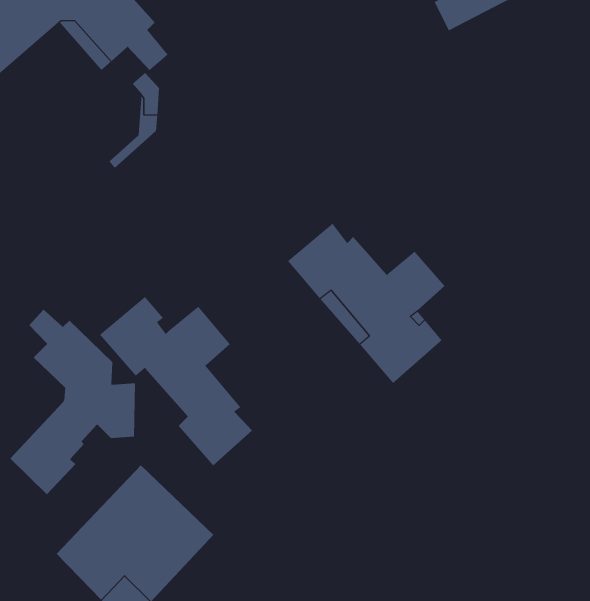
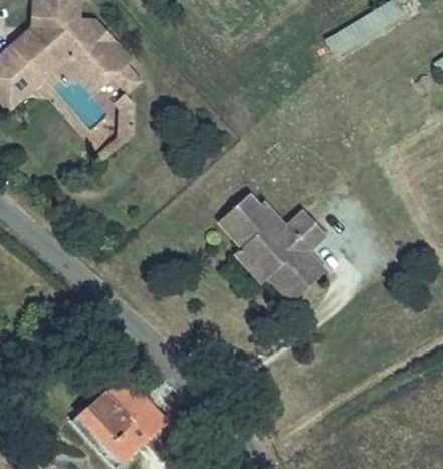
building: [99,296,253,466] -> none
building: [9,309,136,495] -> none

